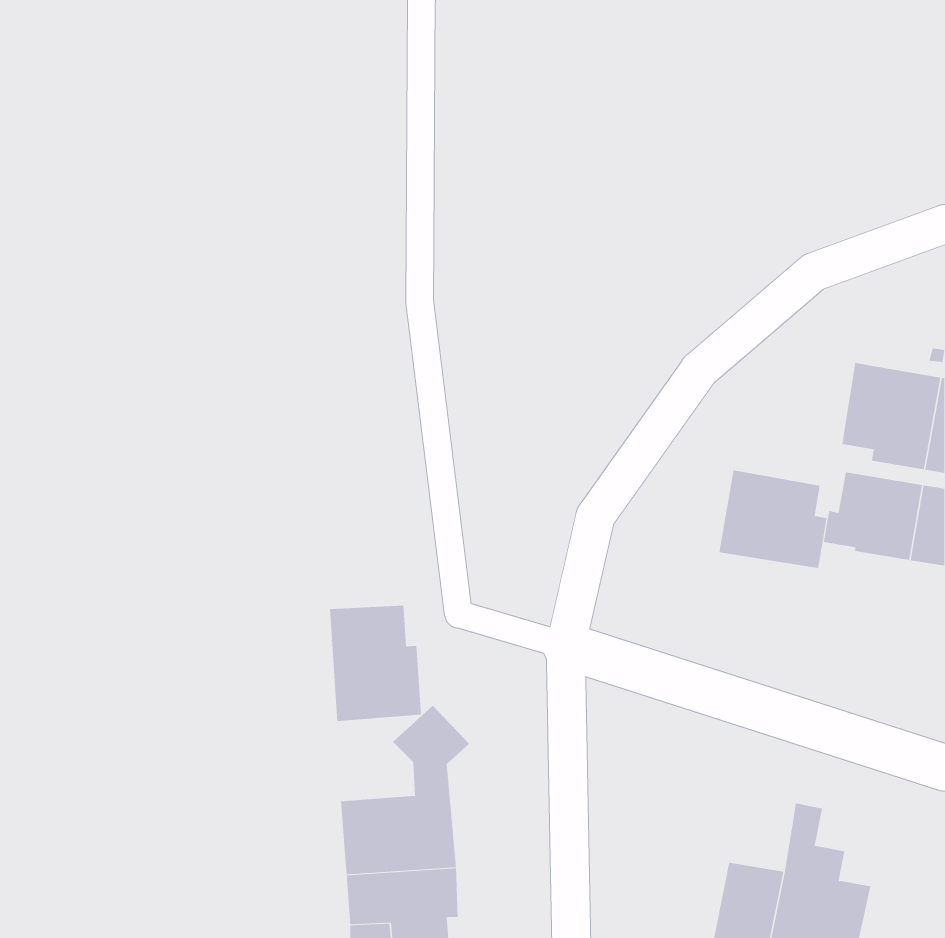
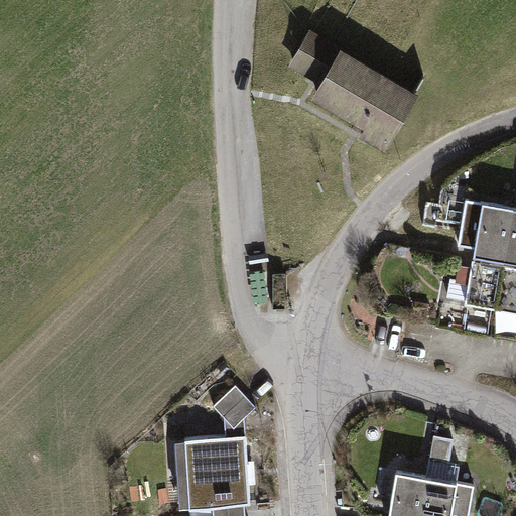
building: none -> [293,37,412,147]
building: [719,470,827,569] -> none
building: [329,605,422,722] -> none

